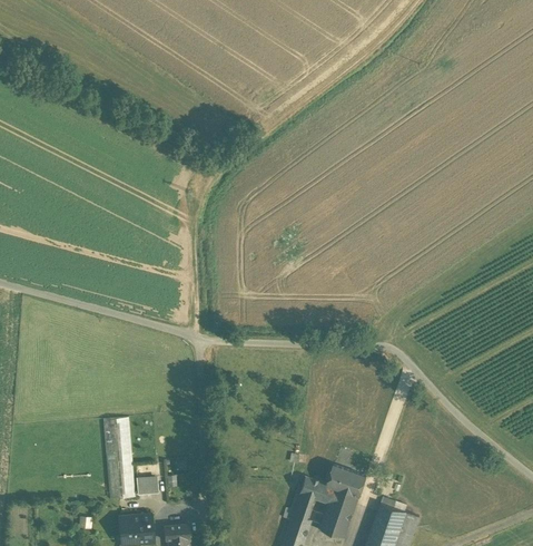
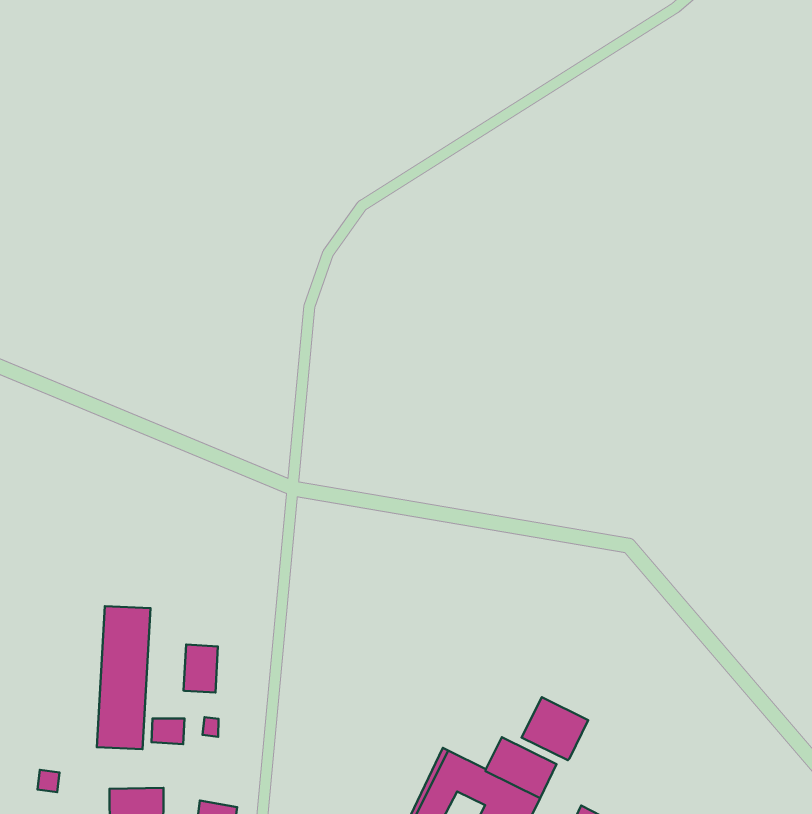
building: none -> [183,644,218,692]
building: none -> [521,697,588,760]

